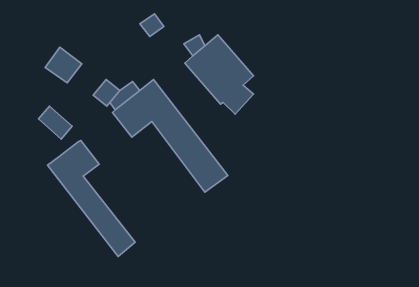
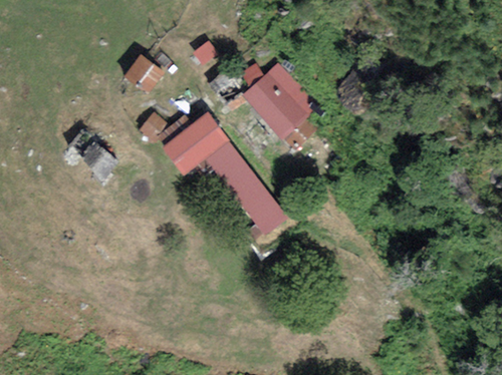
building: [45,47,82,83] -> [124,54,165,93]
building: [48,140,135,256] -> none

